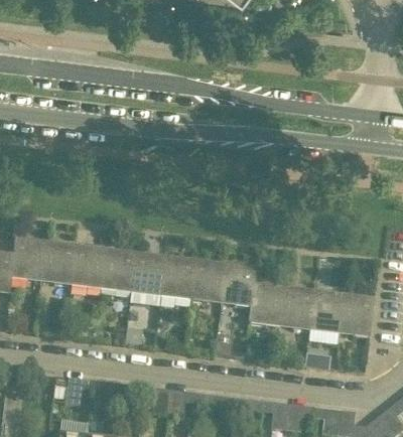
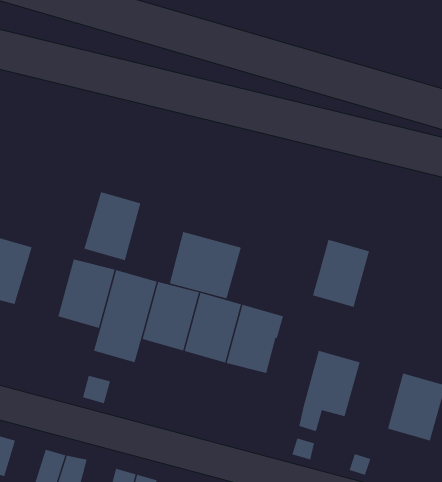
building: none -> [169,231,242,299]
building: [70,243,105,288] -> [83,191,141,261]
building: [248,281,283,325] -> [312,239,370,307]
building: [308,289,344,332] -> none

